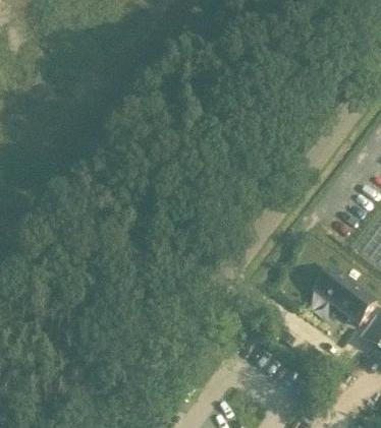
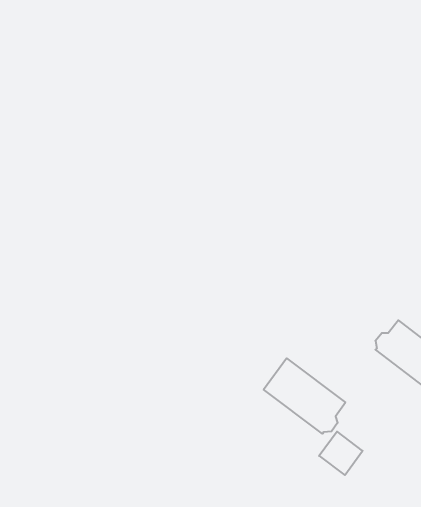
building: none -> [264,358,345,434]

